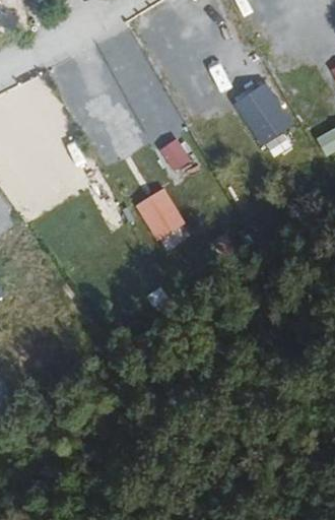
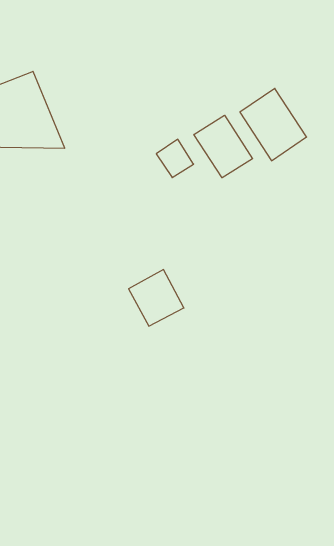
building: none -> [194,115,253,178]
building: [134,194,184,245] -> [129,270,184,326]

